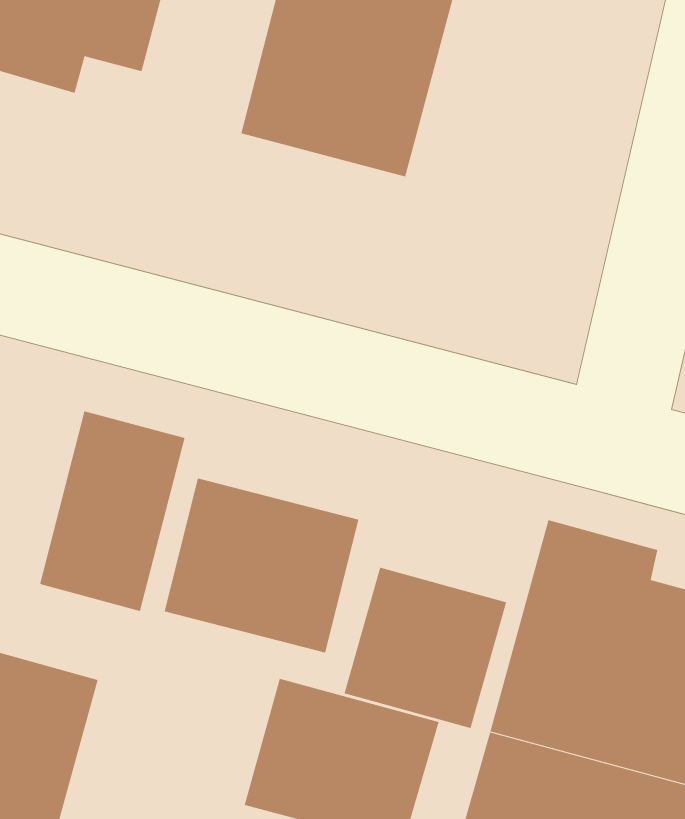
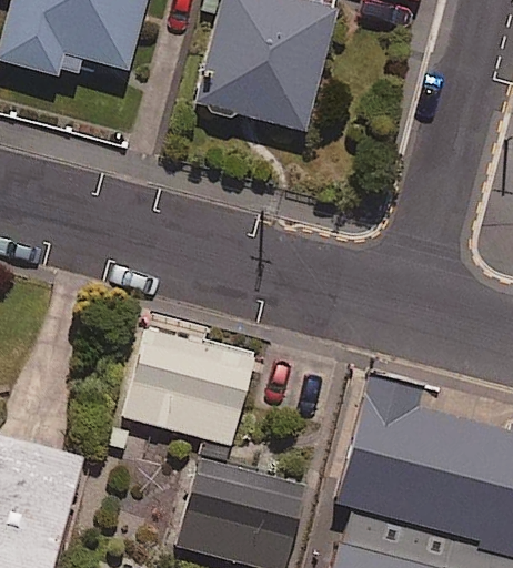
building: [39,411,185,612] -> none
building: [344,567,507,729] -> none

